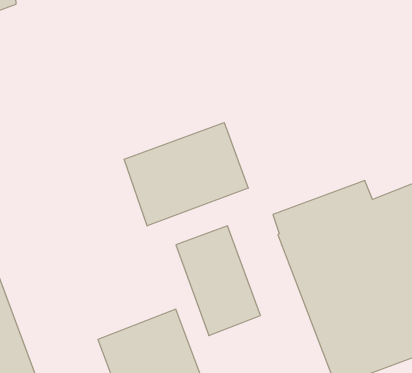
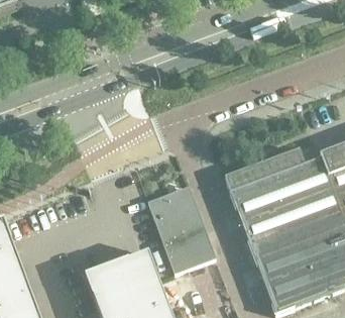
building: [124,123,248,226] -> none

